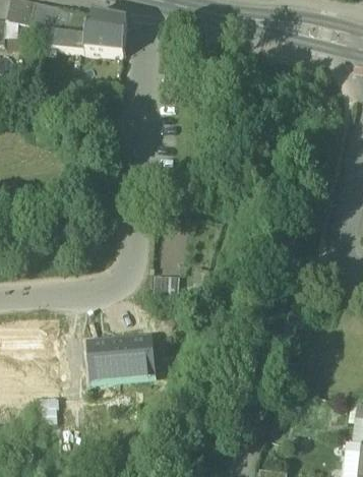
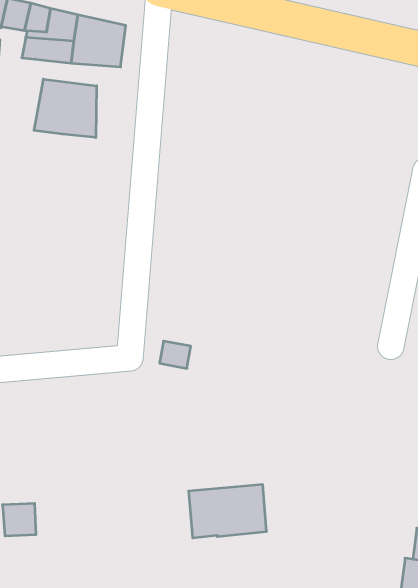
building: none -> [34,79,97,138]
building: [90,338,152,379] -> [189,485,267,538]

